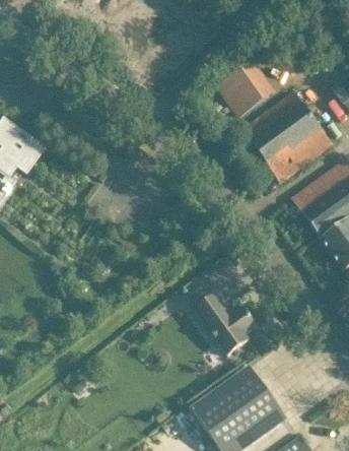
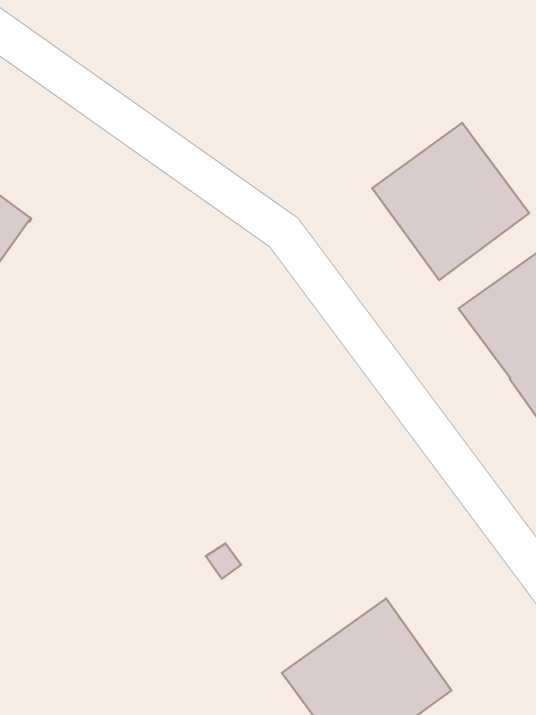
building: [220,68,270,117] -> none
building: [194,294,256,355] -> none

